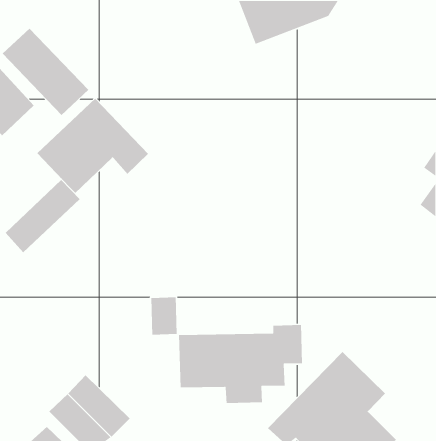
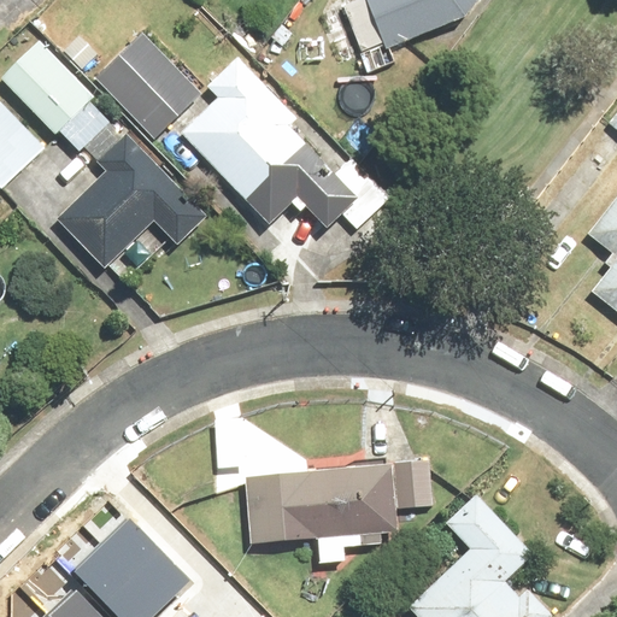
building: none -> [93,30,378,241]
building: [5,179,80,253] -> none

